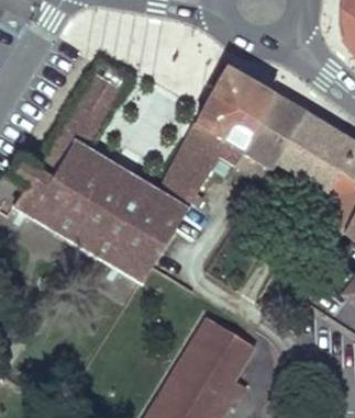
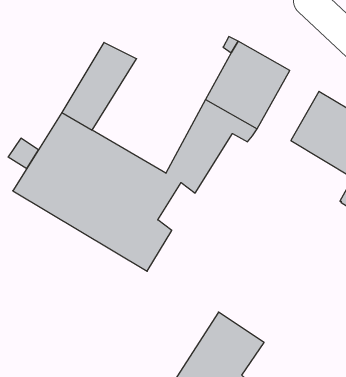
building: [238,93,301,173] -> none

